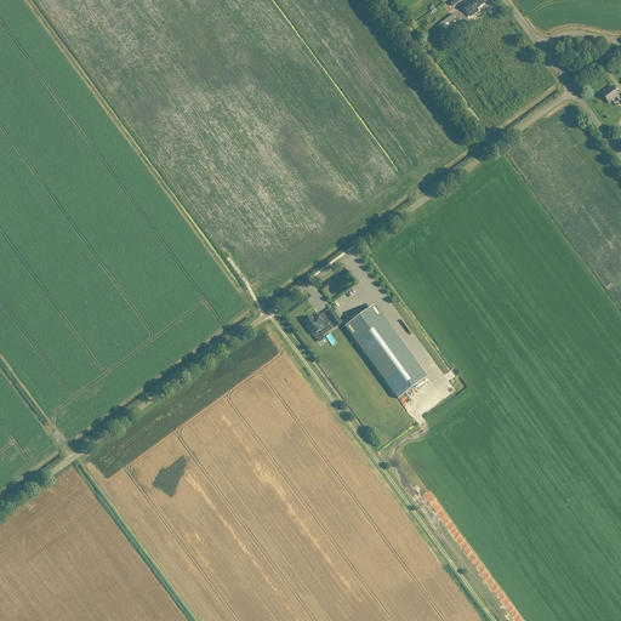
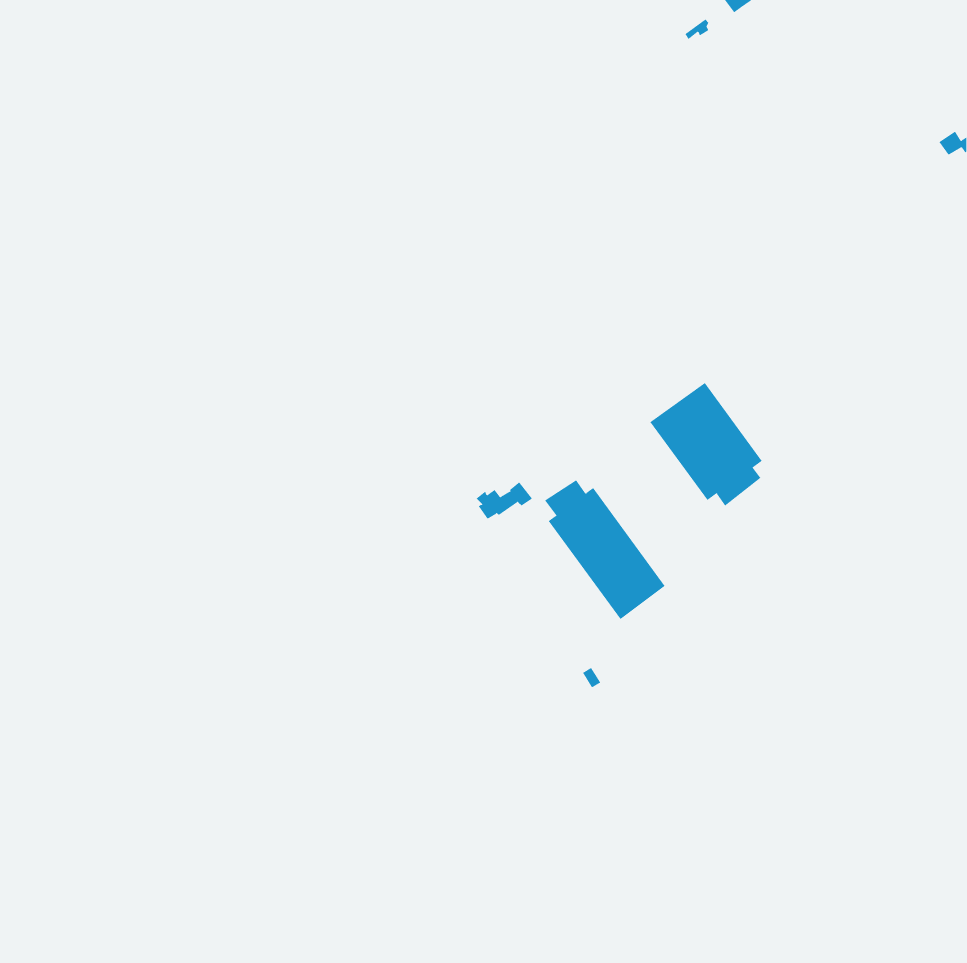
building: none -> [650,382,763,507]

